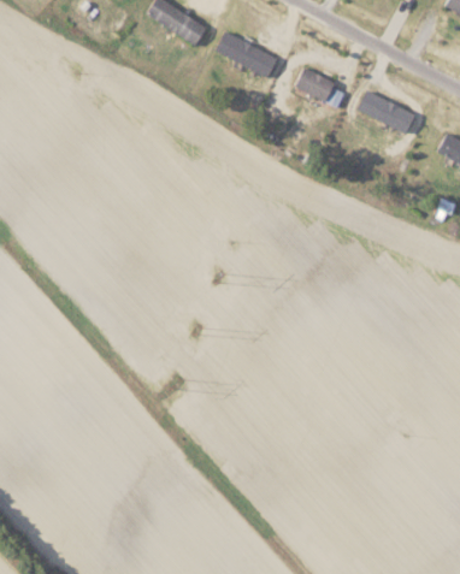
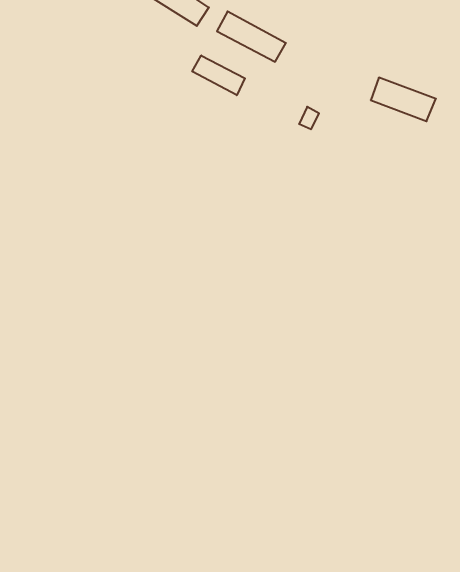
building: [295,70,335,102] -> none
building: none -> [192,55,245,95]

